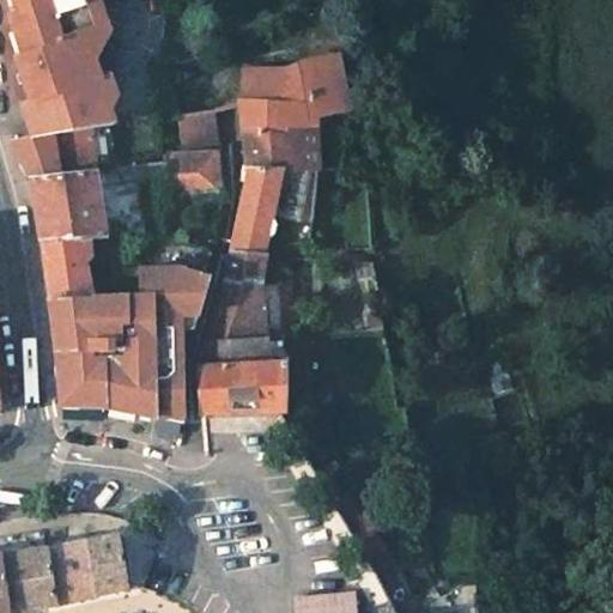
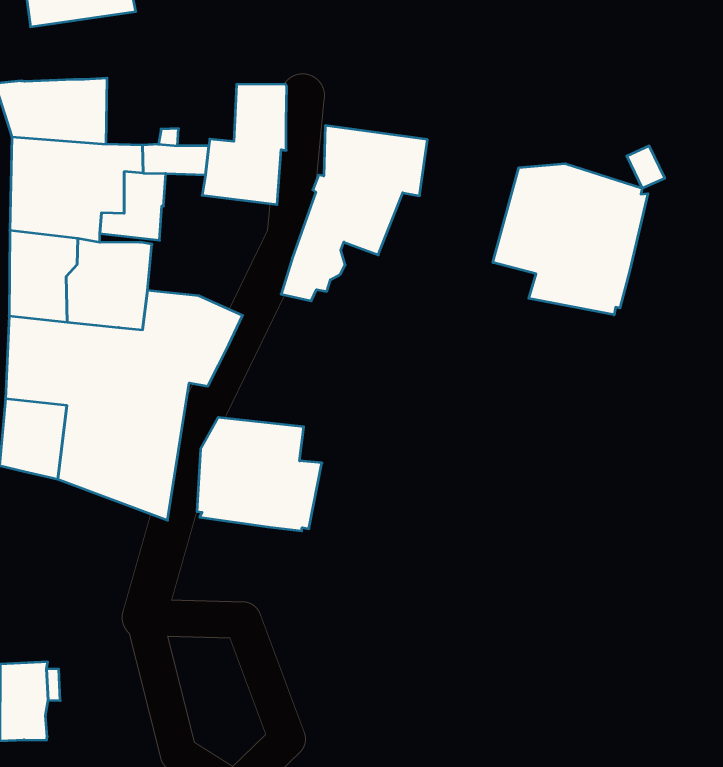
building: [242,57,347,133] -> none
building: [24,75,114,138] -> none
building: none -> [493,164,648,315]
building: [205,254,265,346] -> none

